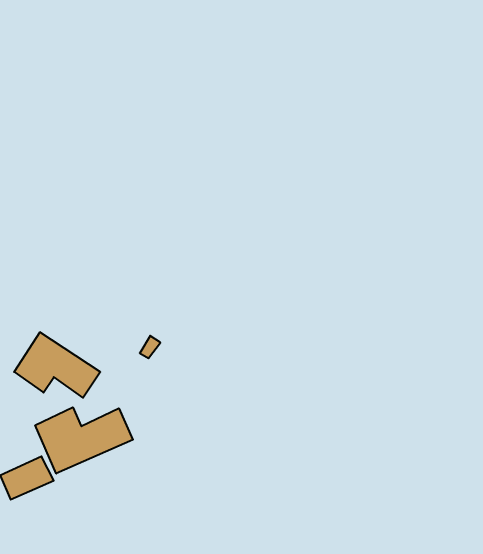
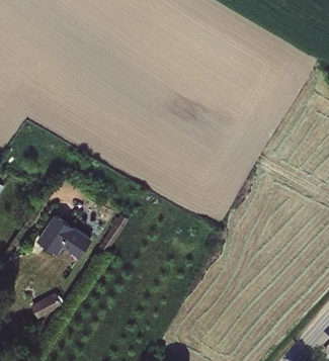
building: [35,407,133,474] -> none

